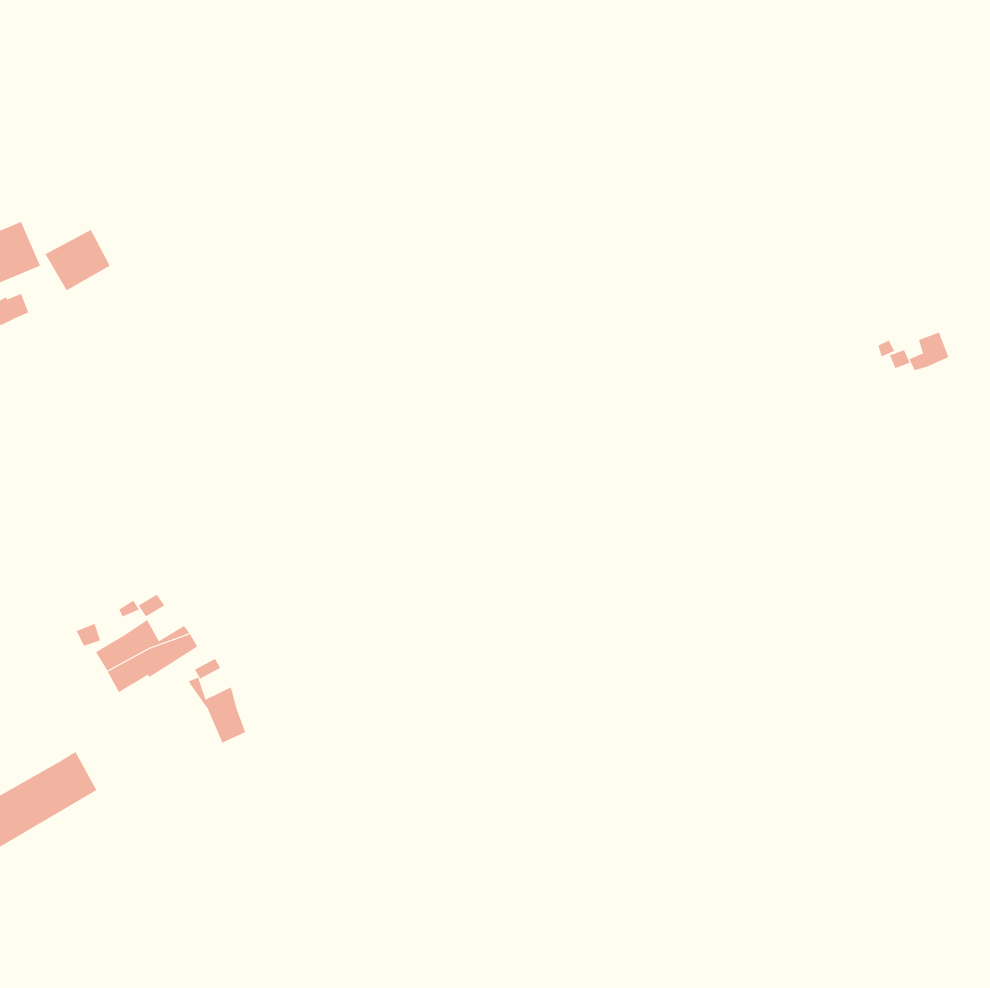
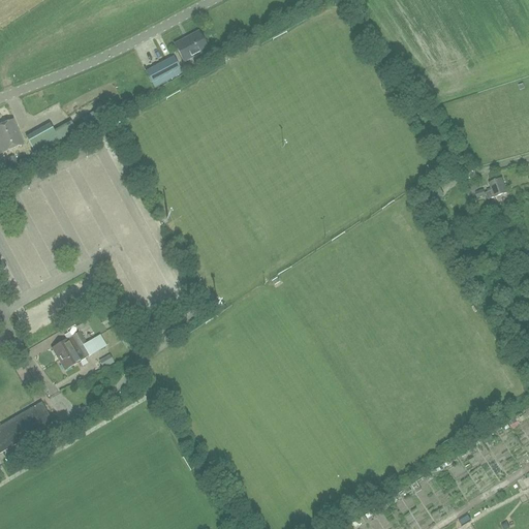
building: none -> [174,30,207,60]
building: none -> [145,56,181,86]
building: [188,677,246,743] -> none

